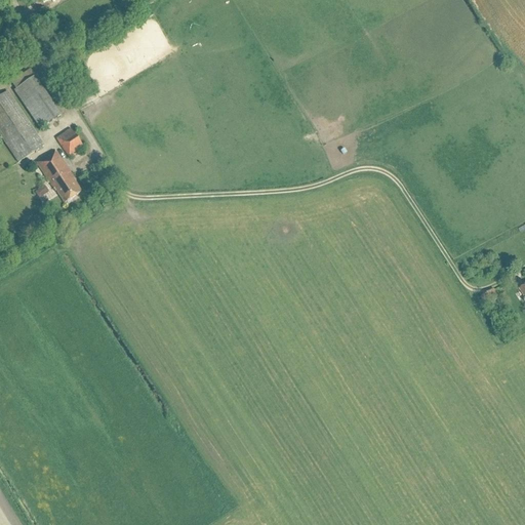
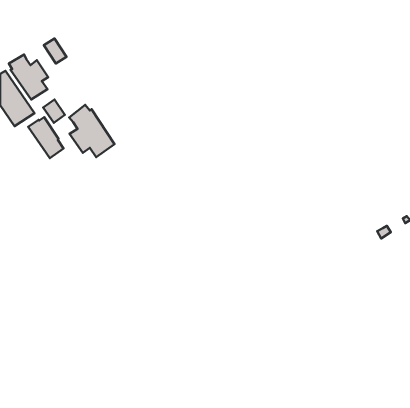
building: none -> [44,38,67,64]
building: none -> [69,105,114,157]

